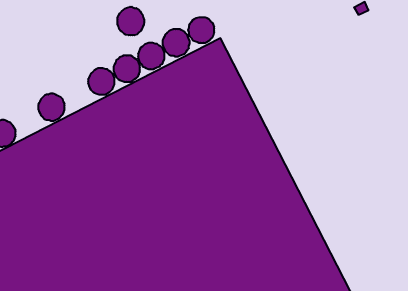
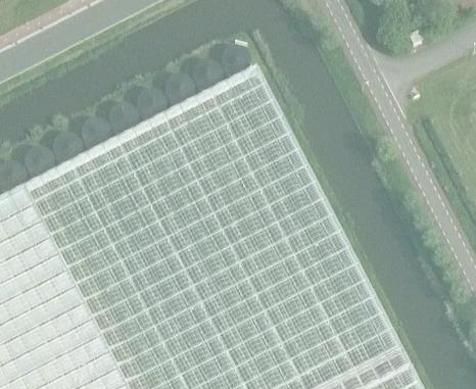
building: [118,7,144,35] -> none
building: none -> [81,123,111,153]
building: none -> [26,152,54,182]

